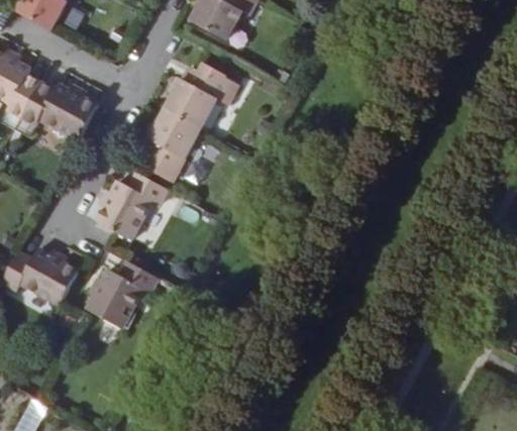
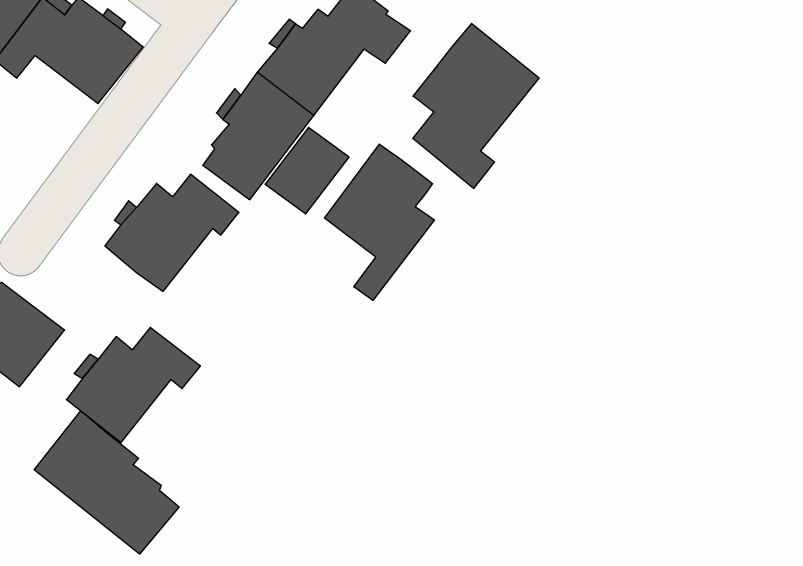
building: none -> [413,23,539,188]
building: none -> [325,144,434,300]
building: none -> [34,411,179,554]

